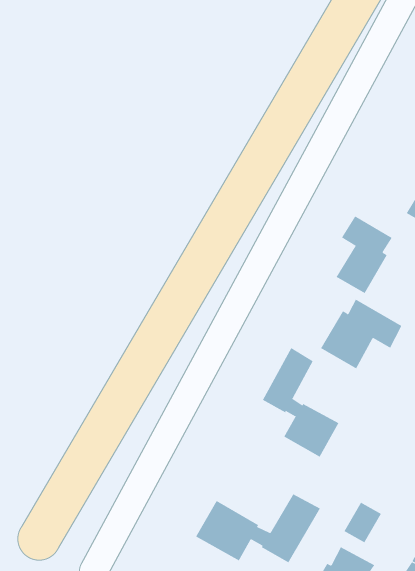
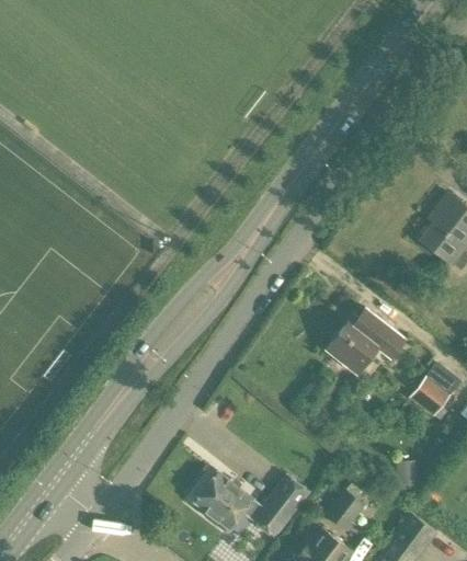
building: [336,215,392,294] -> none
building: [262,347,339,458] -> none

